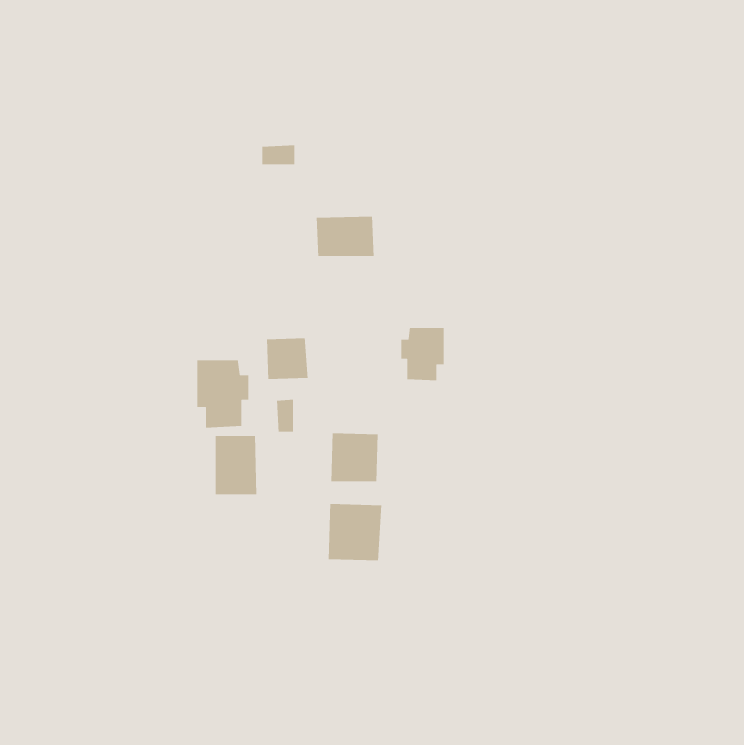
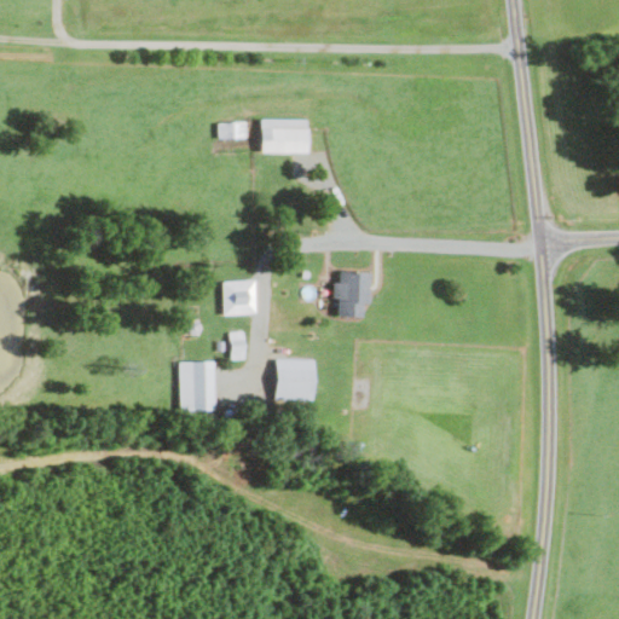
building: [316,216,374,257] -> [261,118,310,152]
building: [197,359,249,428] -> none
building: [328,503,382,561] -> none

